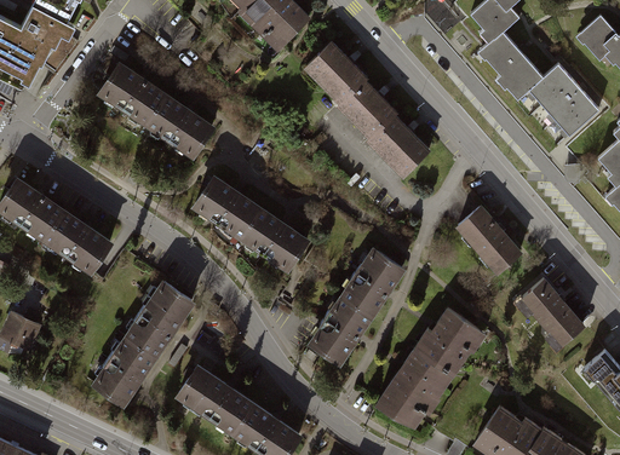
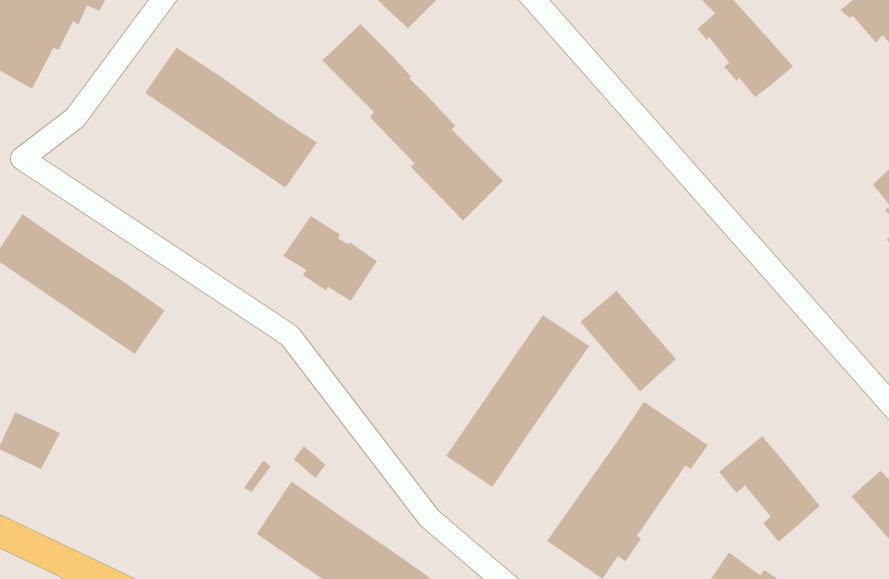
building: [306,45,431,180] -> [321,23,504,222]
building: [529,65,597,134] -> none
building: [455,205,522,275] -> [580,290,677,393]
building: [241,211,306,270] -> none
building: [513,277,584,351] -> [718,435,821,543]
building: [90,278,196,408] -> none

